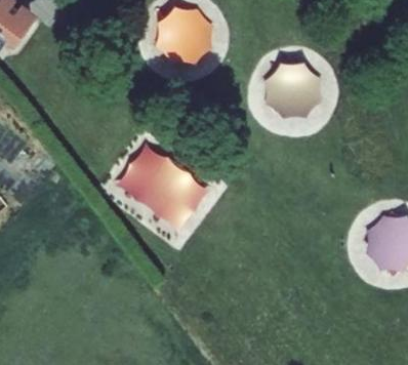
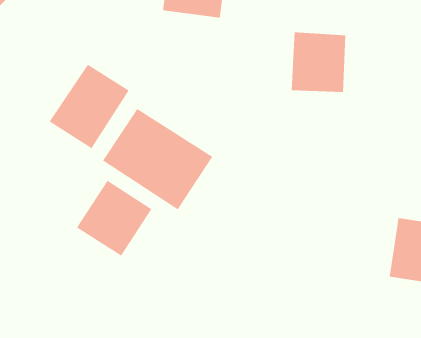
building: none -> [49,64,130,149]
building: none -> [76,180,152,257]

